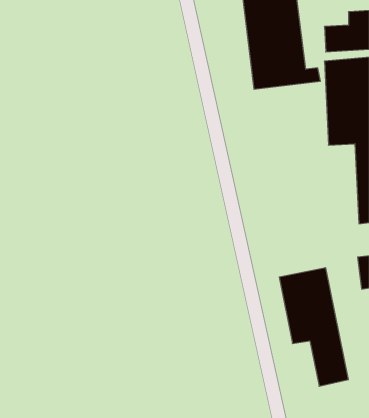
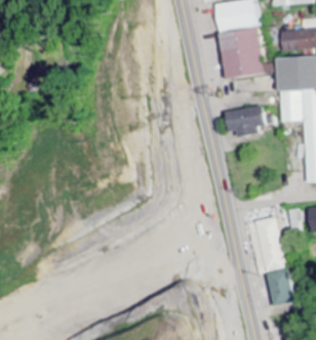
building: none -> [228,107,270,136]

